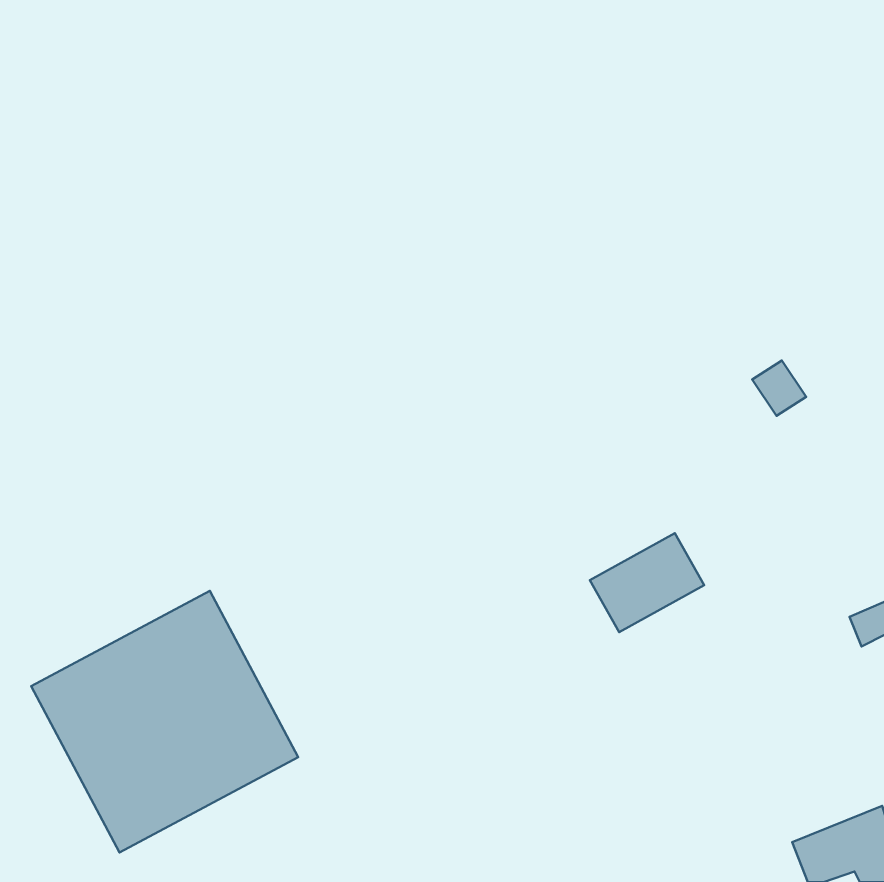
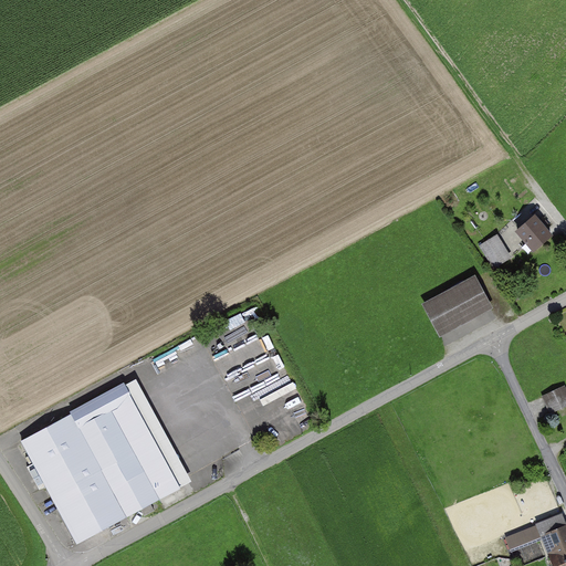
building: none -> [514,214,552,252]
building: [590,533,704,632] -> [420,273,493,336]

